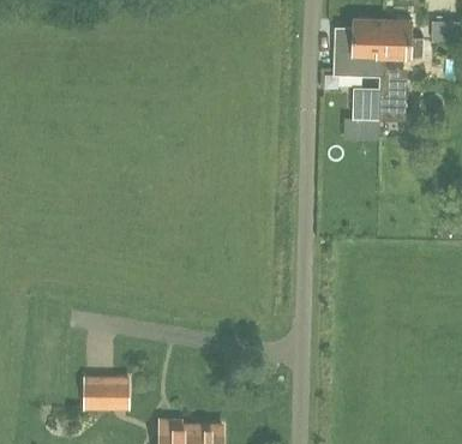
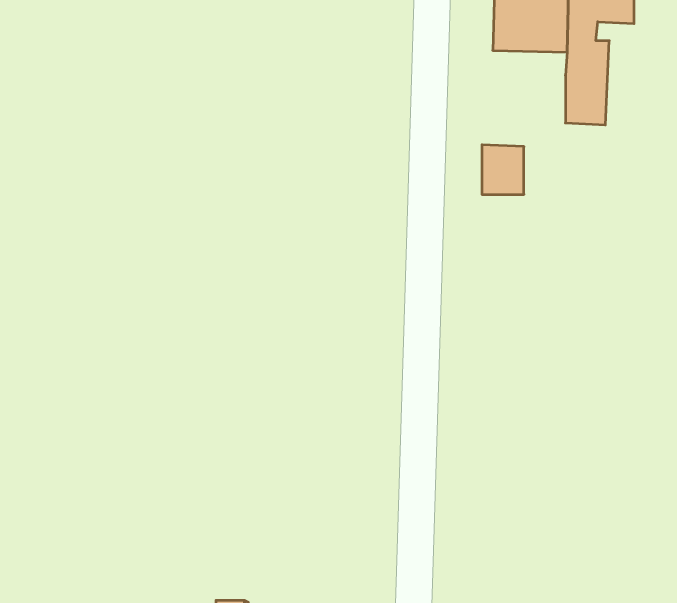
building: [353,89,379,120] -> [482,145,524,194]
building: [82,376,130,410] -> none

